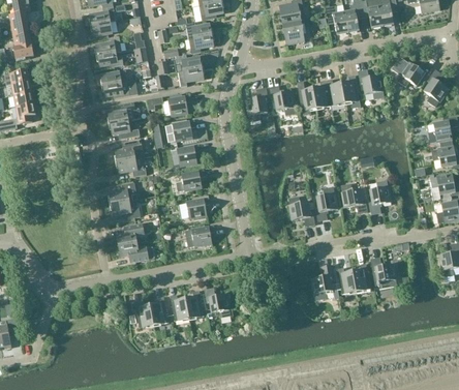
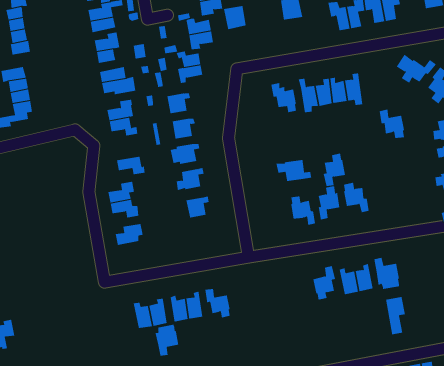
building: [281,21,304,44] -> [223,6,246,30]
building: [358,69,384,98] -> [379,109,405,138]
building: [245,88,267,121] -> none
building: [115,140,142,161] -> none
building: none -> [276,159,312,182]
building: [368,180,391,213] -> [323,153,346,187]
building: [184,224,214,246] -> none
building: [118,241,148,262] -> none
building: none -> [385,296,406,335]
building: none -> [155,324,179,357]

